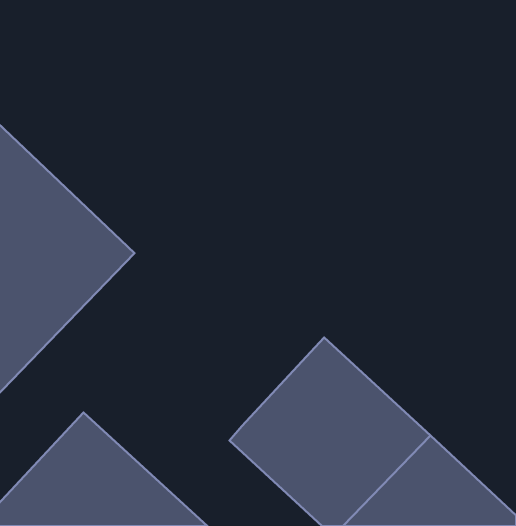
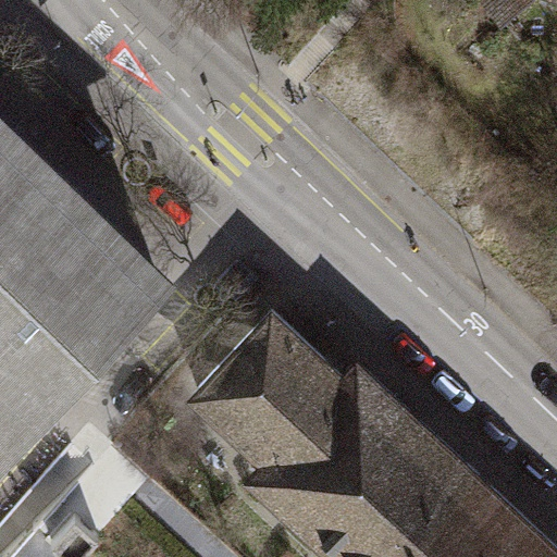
building: none -> [182,301,324,445]

